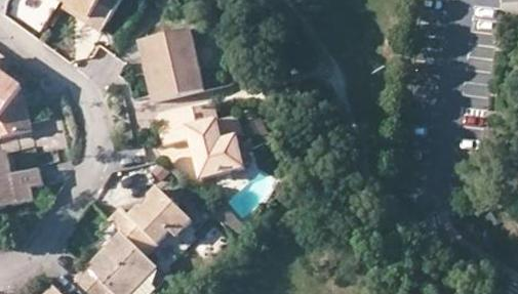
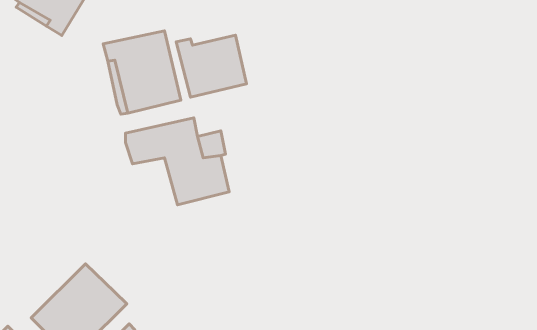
building: none -> [176,35,247,97]
building: [109,187,191,256] -> none

